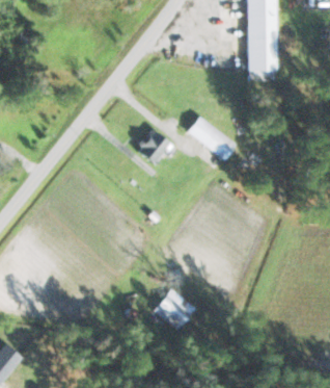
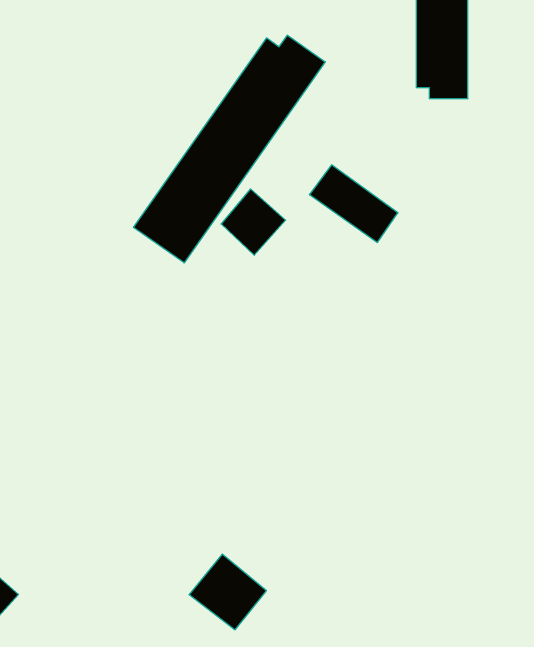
building: none -> [134,35,325,263]
building: [155,288,198,331] -> [189,554,266,630]

